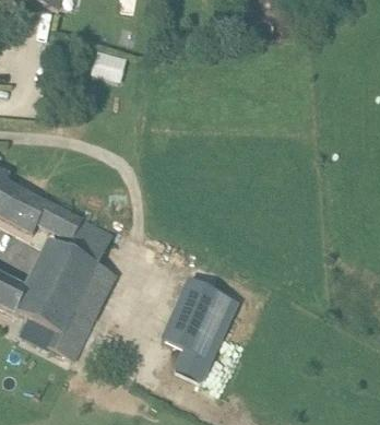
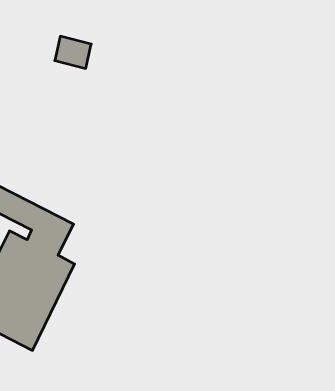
building: [162,278,239,381] -> none

